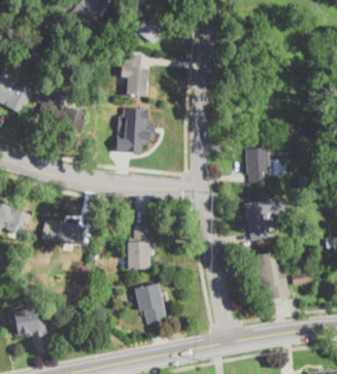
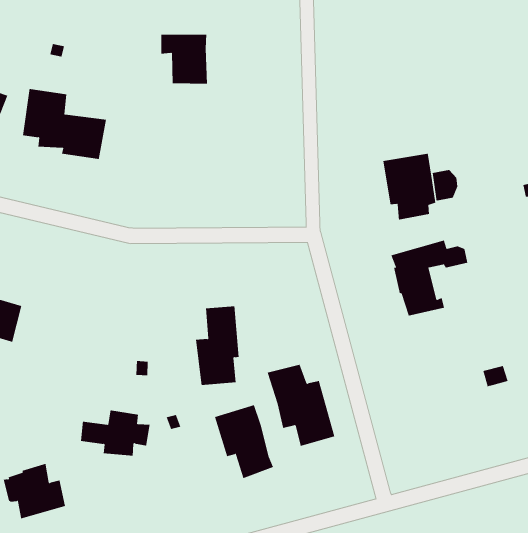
building: [125,109,154,152] -> none
building: [44,216,86,244] -> [80,410,150,456]
building: [252,252,289,300] -> [267,364,335,447]

